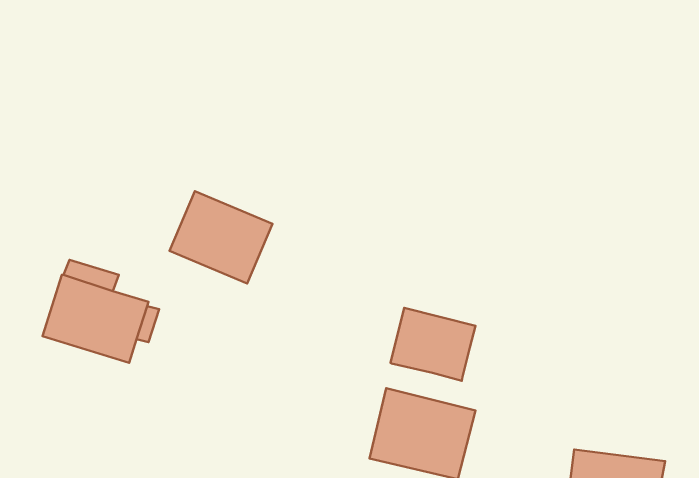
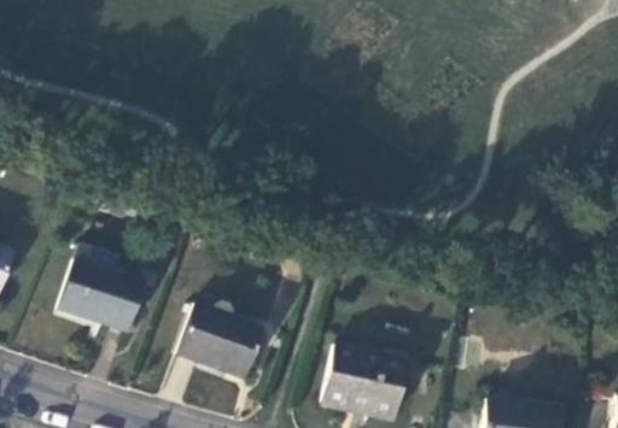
building: [170,191,273,284] -> [180,301,263,376]
building: [391,308,475,381] -> none

